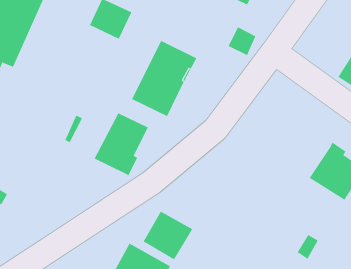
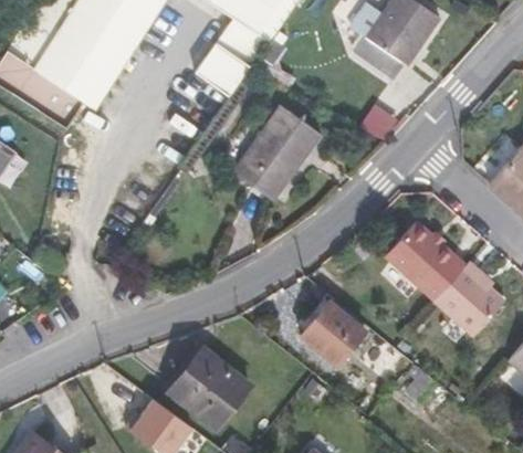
building: [94,112,148,176] -> none
building: none -> [385,222,467,302]
building: [143,211,193,260] -> [301,302,365,365]

